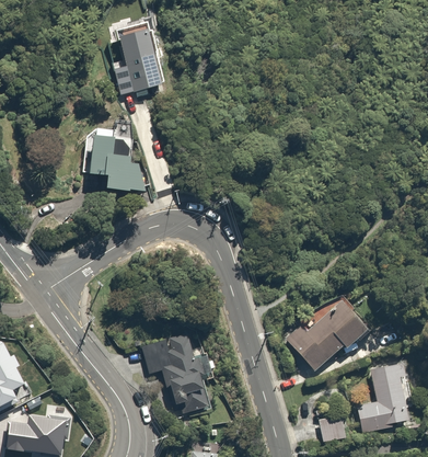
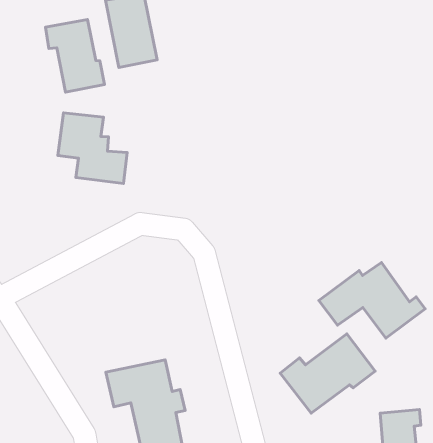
building: none -> [45,19,105,92]
building: none -> [319,262,425,338]

